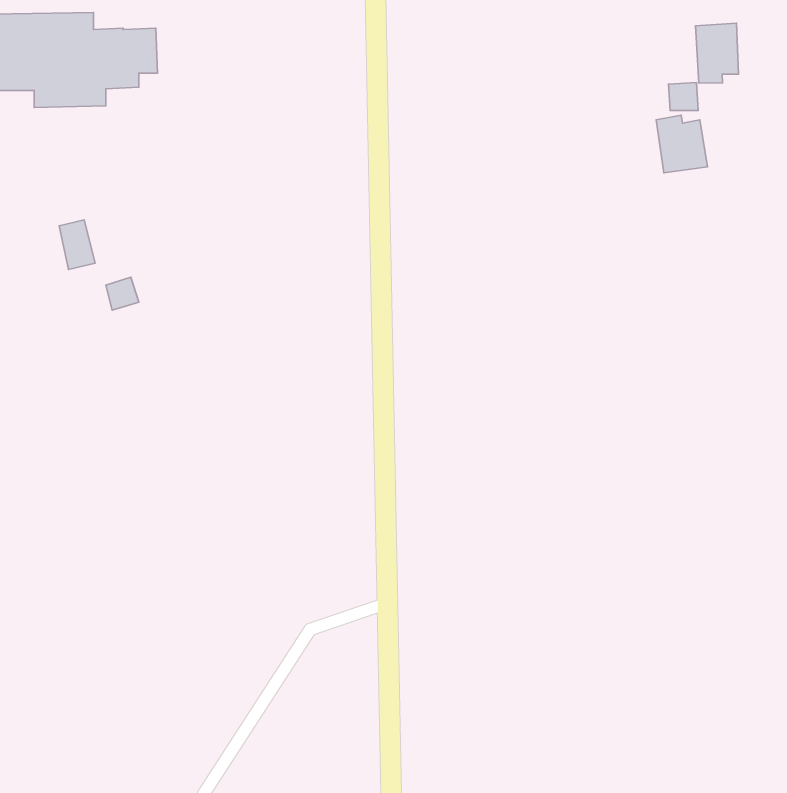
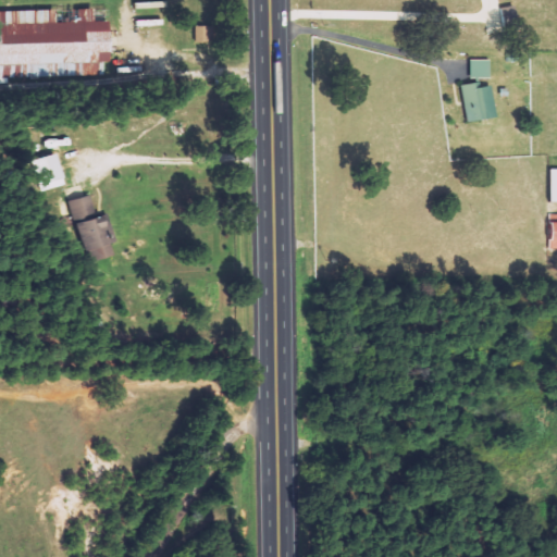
building: [696,23,738,83] -> none
building: none -> [82,215,114,260]

